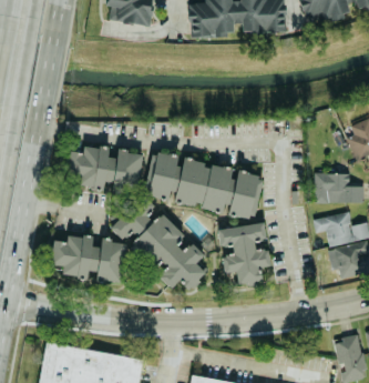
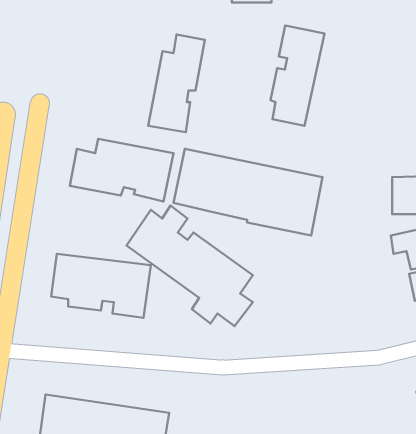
building: none -> [271,26,324,126]
building: none -> [148,35,205,132]
building: [218,222,271,285] -> none

